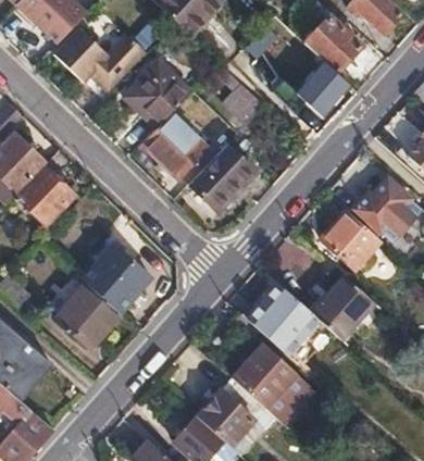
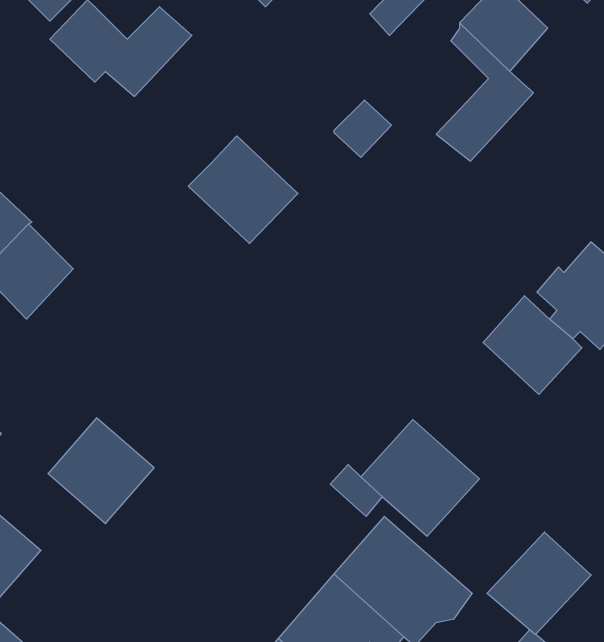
building: [123,60,190,128] -> none
building: [189,146,253,209] -> none
building: [82,245,152,313] -> none
building: [309,275,372,337] -> [487,532,591,634]

